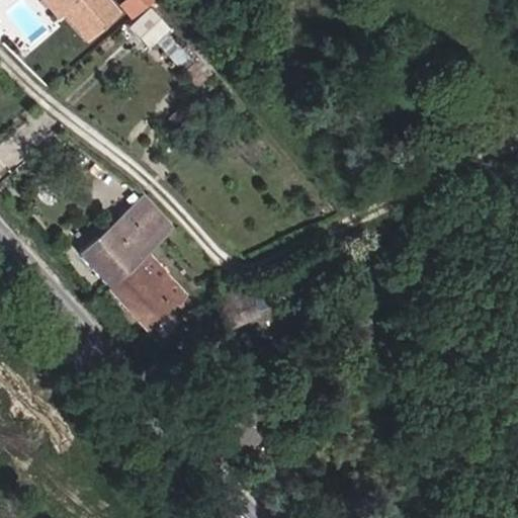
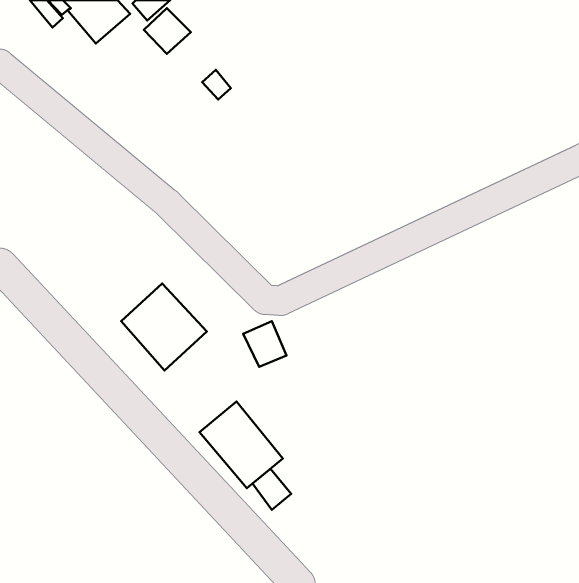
building: [82,196,174,285] -> none
building: none -> [199,402,283,488]

